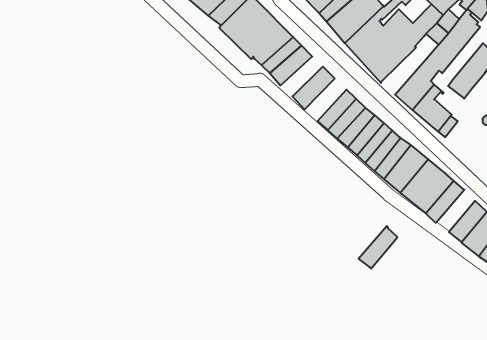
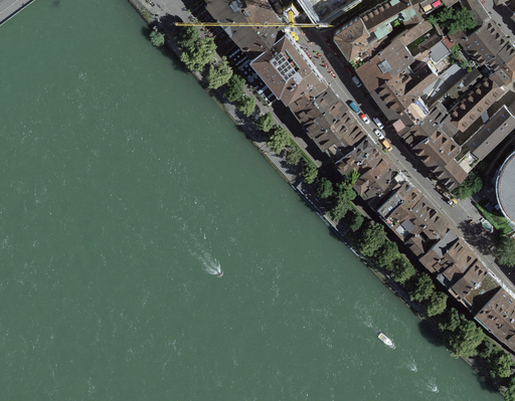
building: none -> [400,92,453,146]
building: none -> [303,98,346,135]
building: none -> [323,123,366,162]
building: [359,226,397,269] -> [437,246,477,285]

